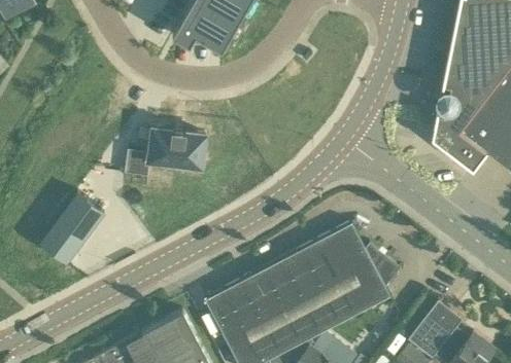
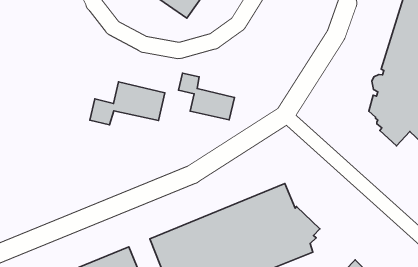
building: none -> [178,73,234,120]
building: [39,193,104,263] -> none

